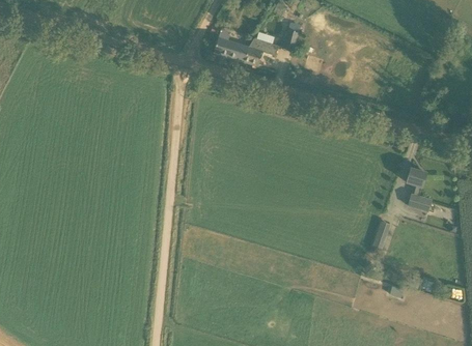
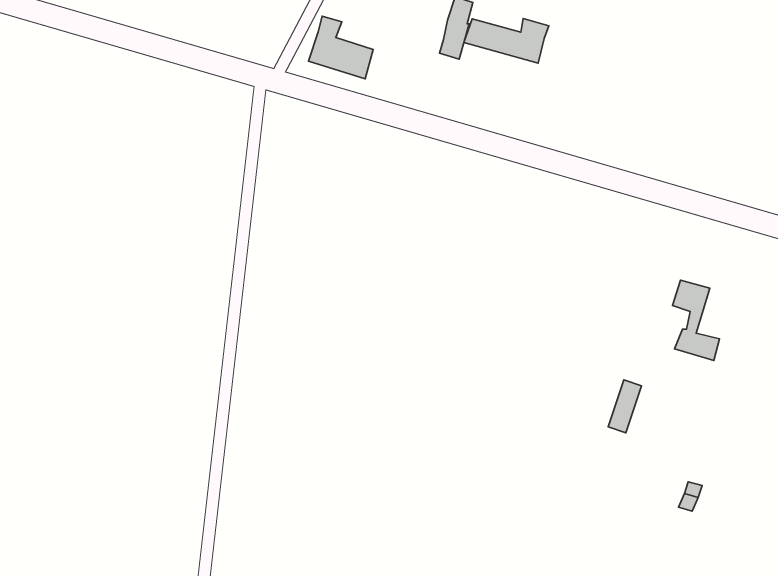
building: none -> [464,19,549,63]
building: [243,37,277,65] -> none

